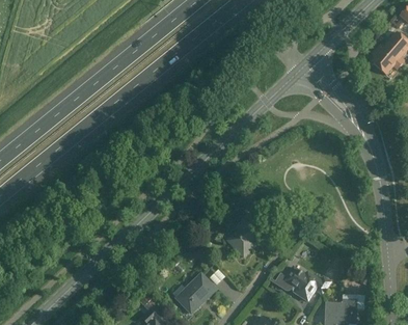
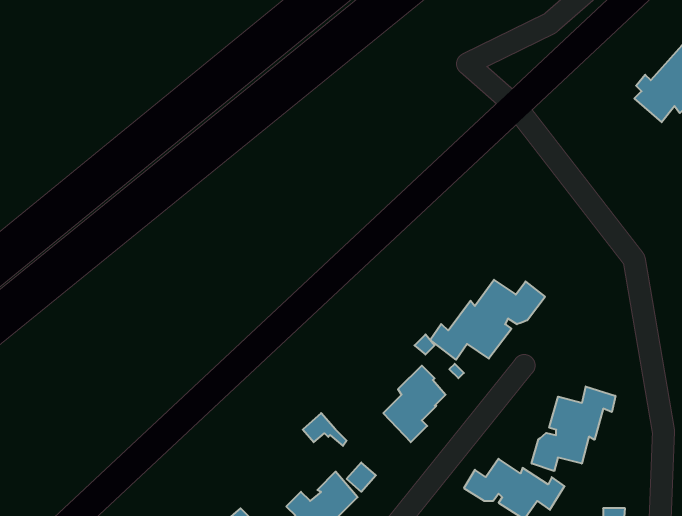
building: none -> [430,280,545,360]
building: none -> [532,386,615,471]

